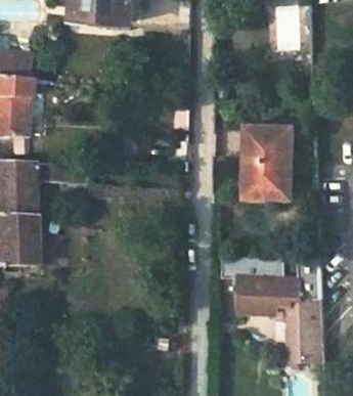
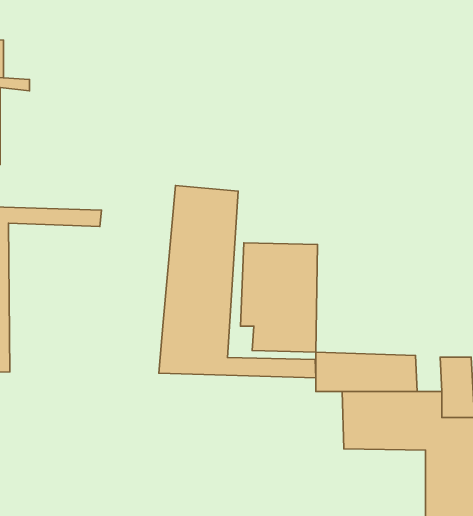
building: [250,126,298,194] -> [241,243,317,352]
building: none -> [159,185,316,378]

